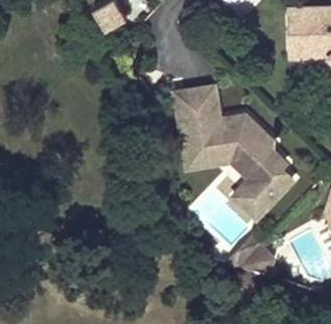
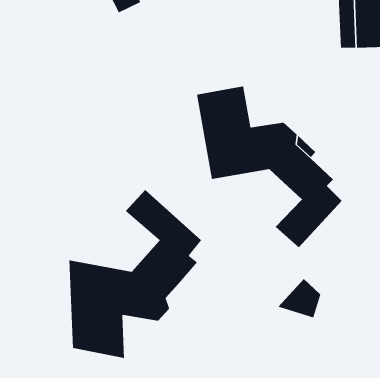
building: [188,153,261,199] -> none
building: none -> [69,189,202,359]

